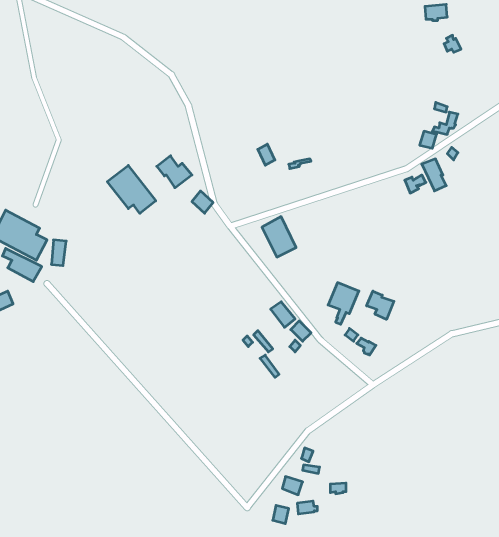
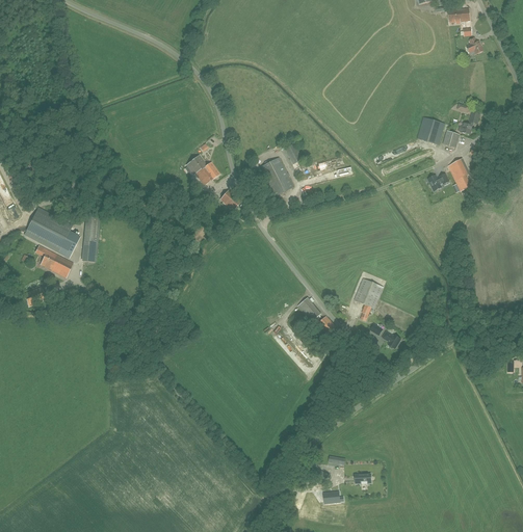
building: none -> [417,117,445,144]
building: [107,165,156,213] -> none
building: [262,217,296,257] -> [260,157,293,196]
building: [367,291,394,319] -> none

